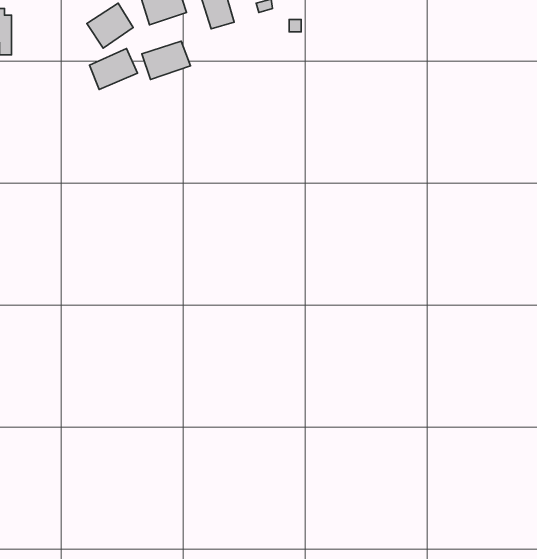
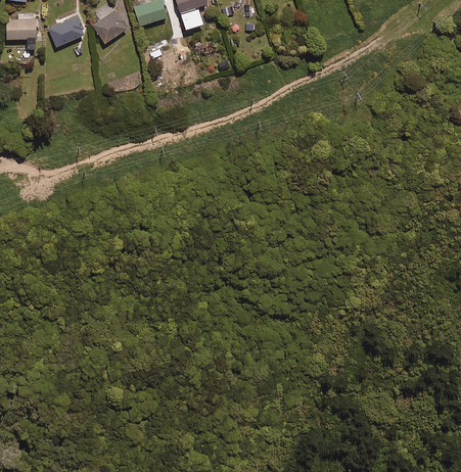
building: [142,41,191,80] -> none
building: [90,49,137,90] -> [49,15,85,46]

